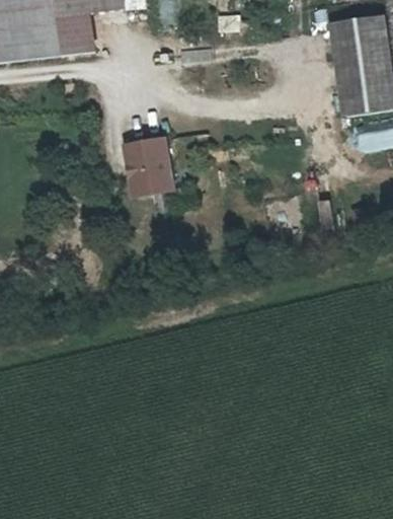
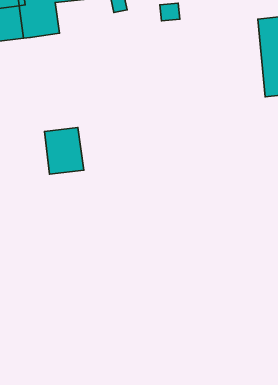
building: [127,137,174,194] -> [45,127,84,174]

